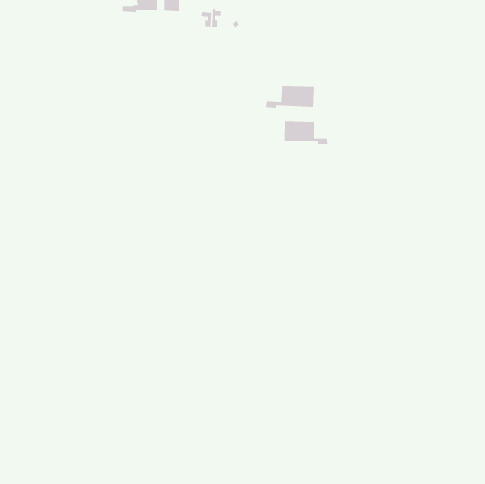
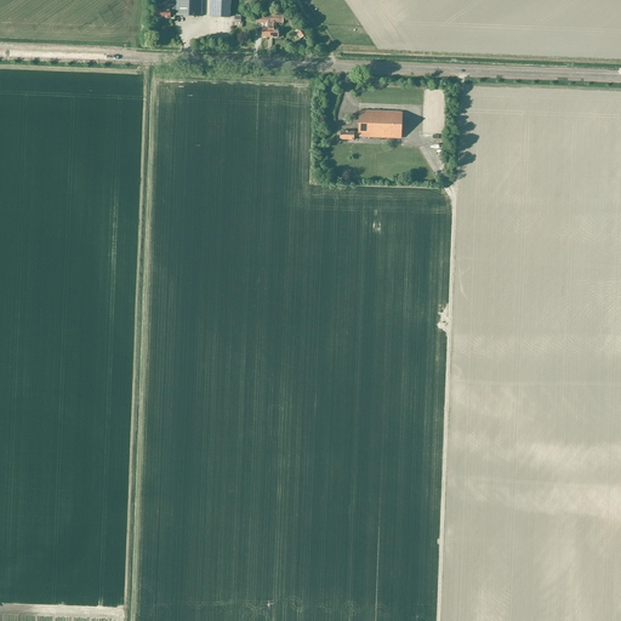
building: [284,121,328,145] -> none

